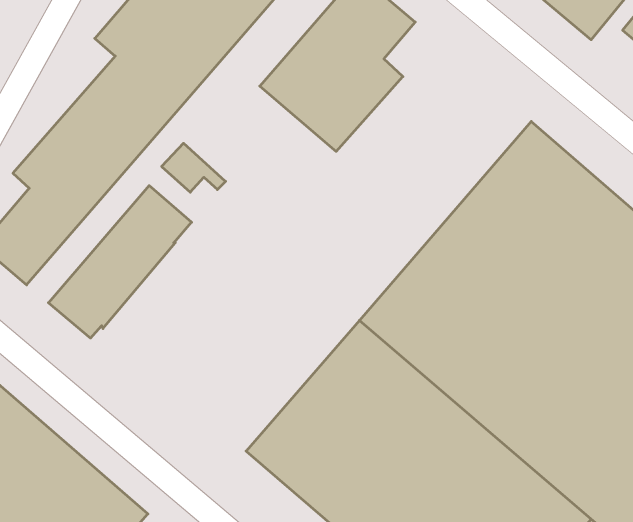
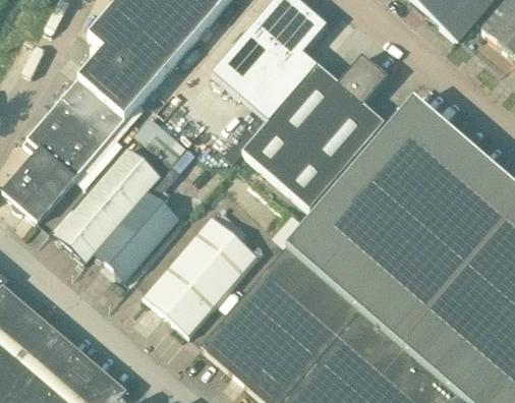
building: none -> [242,55,388,209]
building: none -> [94,174,180,281]
building: none -> [141,215,259,336]

